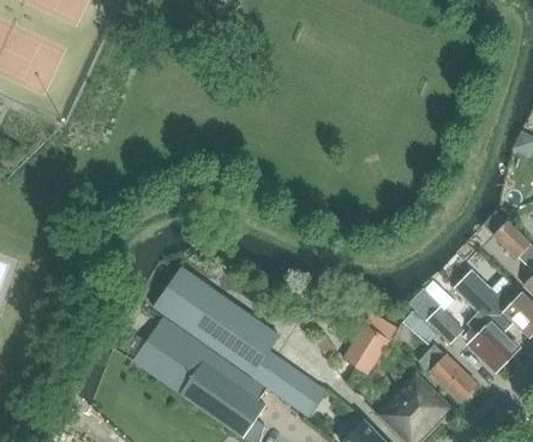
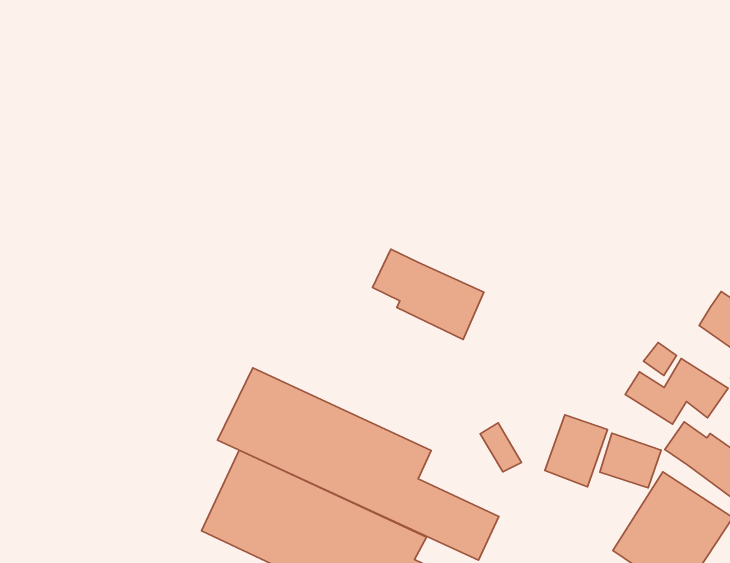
building: none -> [372,249,484,339]
building: none -> [600,433,661,488]

